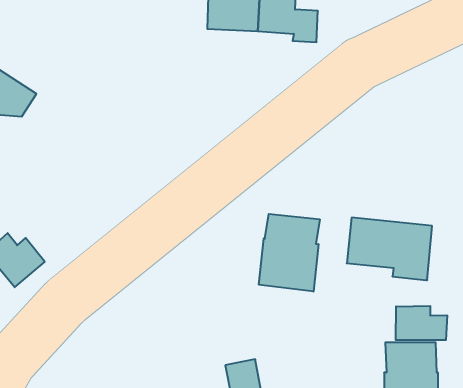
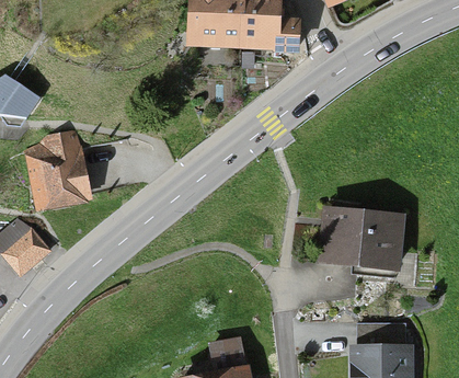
building: none -> [25,133,89,197]
building: [259,214,320,292] -> none
building: [396,306,447,340] -> none

